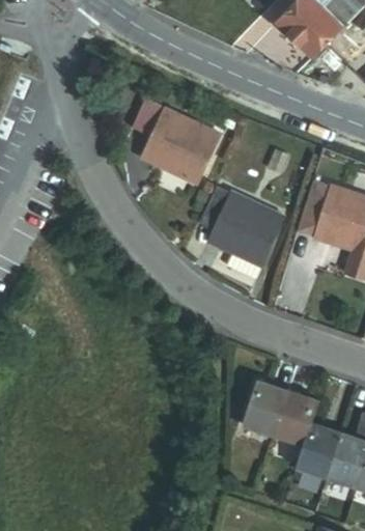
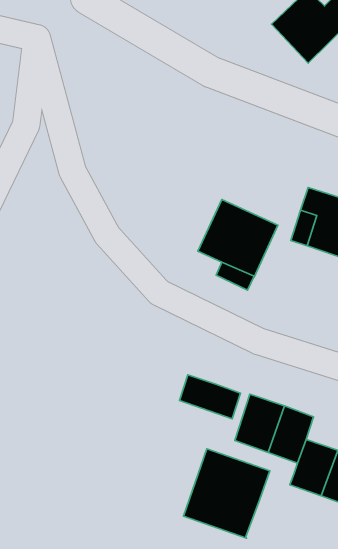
building: [141,109,222,184] -> none
building: none -> [179,375,240,419]
building: none -> [183,449,270,538]

